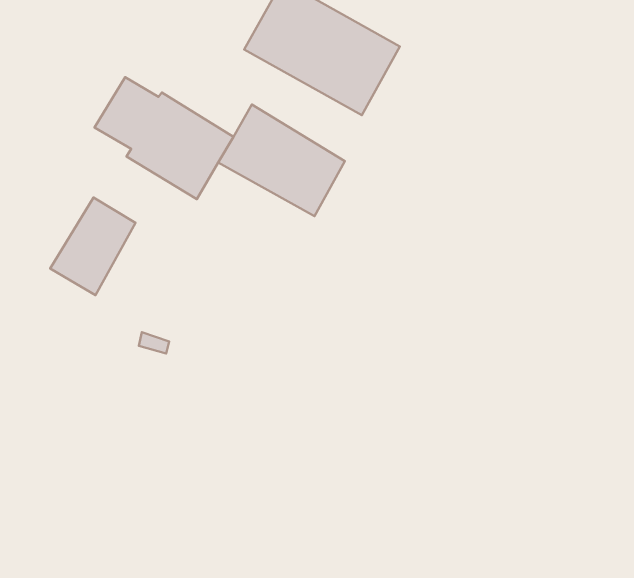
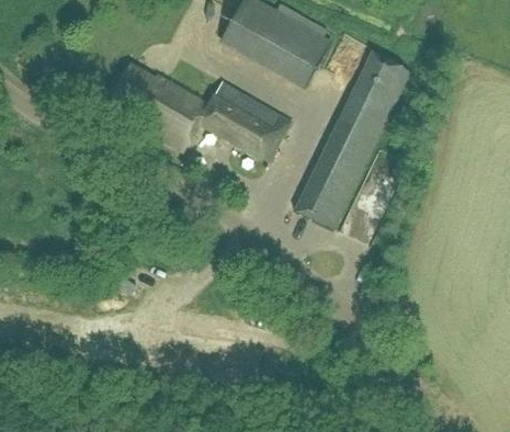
building: none -> [295,50,410,229]
building: [50,197,135,295] -> none

